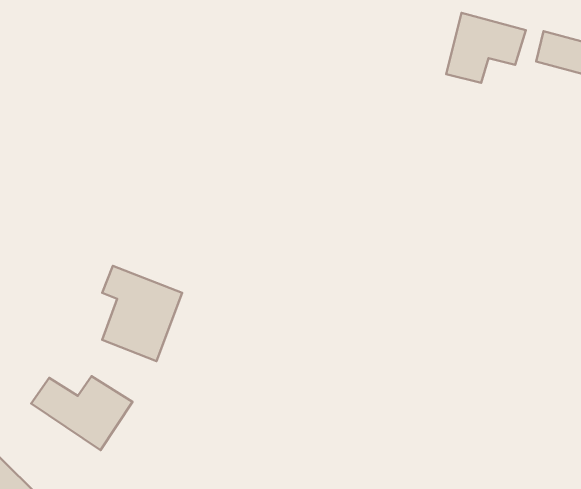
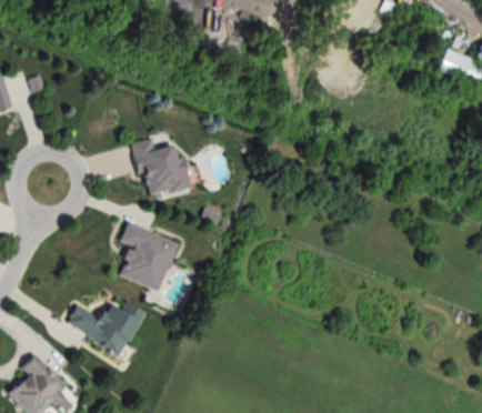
building: [446,13,526,83] -> none
building: none -> [133,138,190,198]

